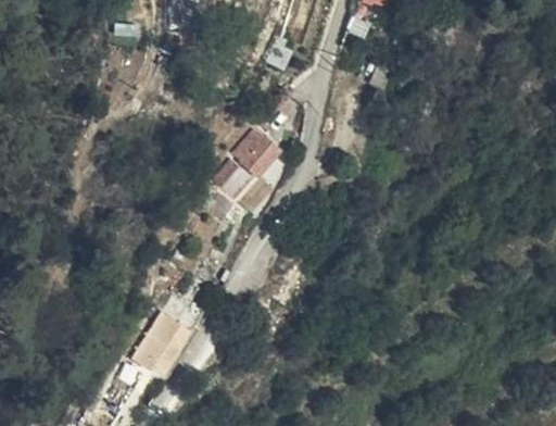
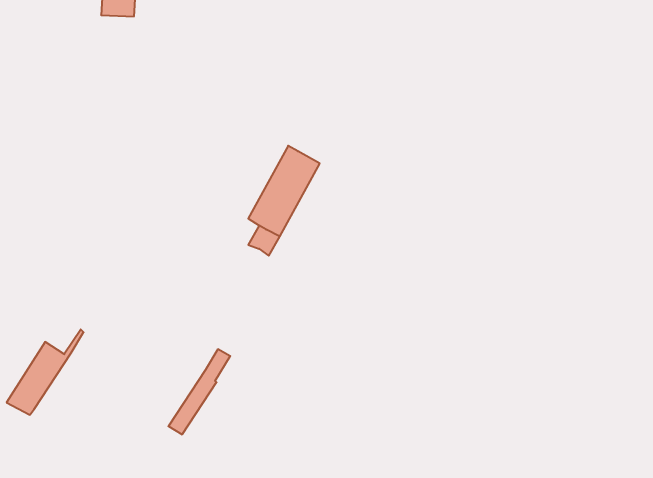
building: [134,298,194,365] -> [7,329,84,415]

